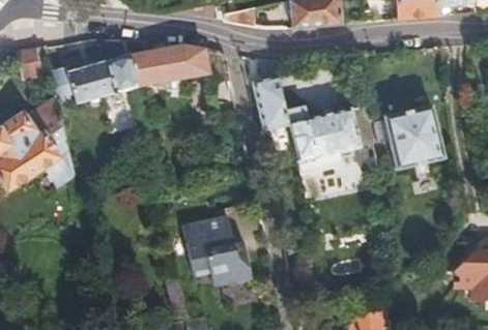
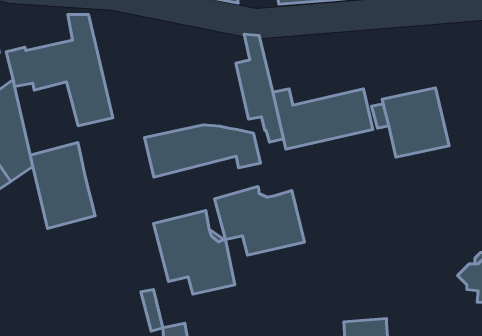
building: [125,44,229,91] -> [144,125,260,177]
building: none -> [30,142,95,228]
building: none -> [215,186,305,255]

